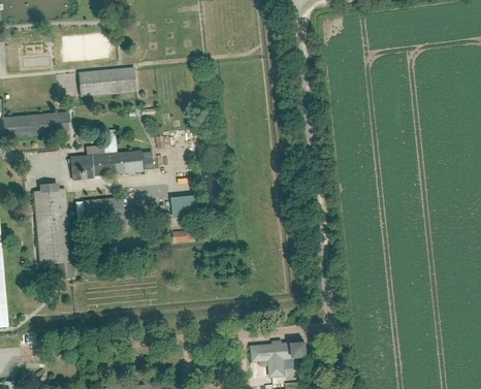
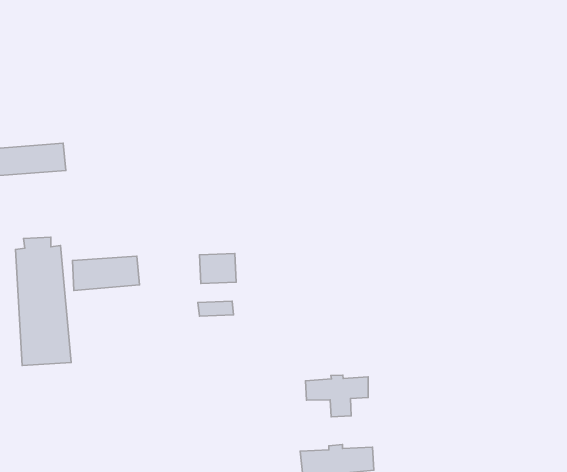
building: [76,67,135,97] -> none
building: [67,130,153,180] -> none
building: none -> [305,375,368,417]

